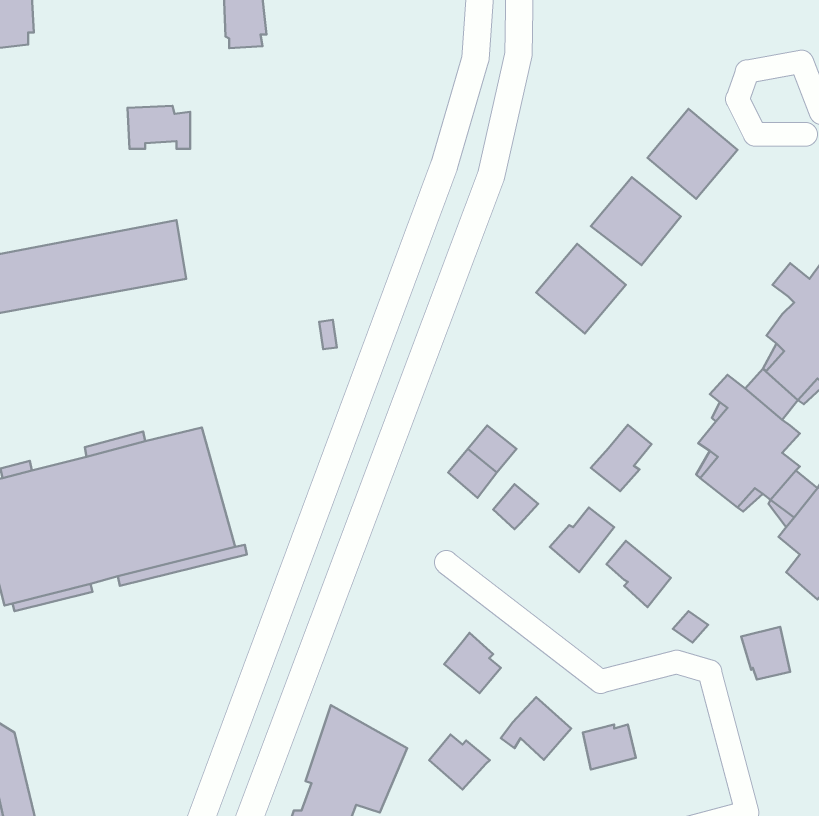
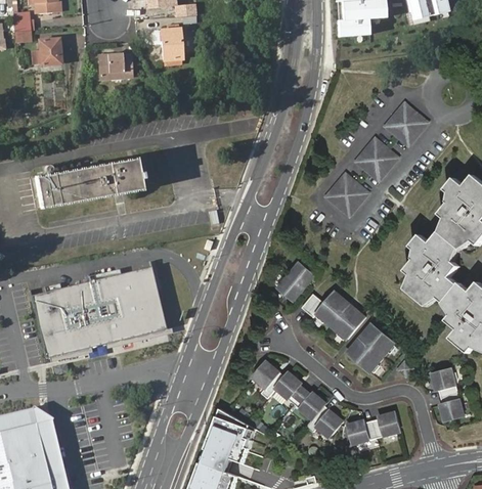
building: [128,106,190,149] -> [98,54,131,77]
building: [591,425,651,491] -> [316,293,348,327]
building: none -> [347,342,383,373]
building: none -> [254,361,286,399]
building: none -> [440,393,464,421]
building: none -> [373,412,400,438]
building: [429,735,490,789] -> [295,391,326,419]

